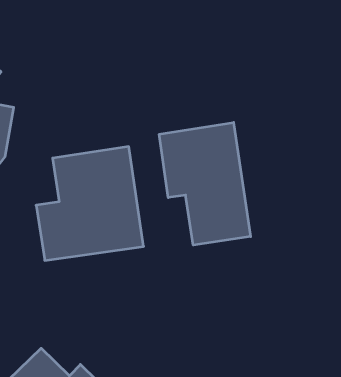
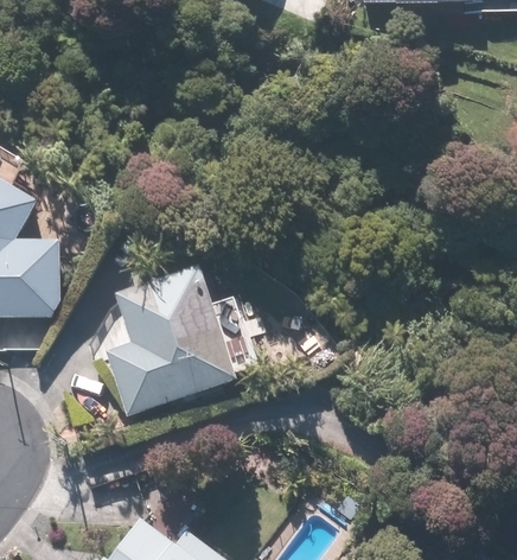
building: [159,122,251,245] -> none

